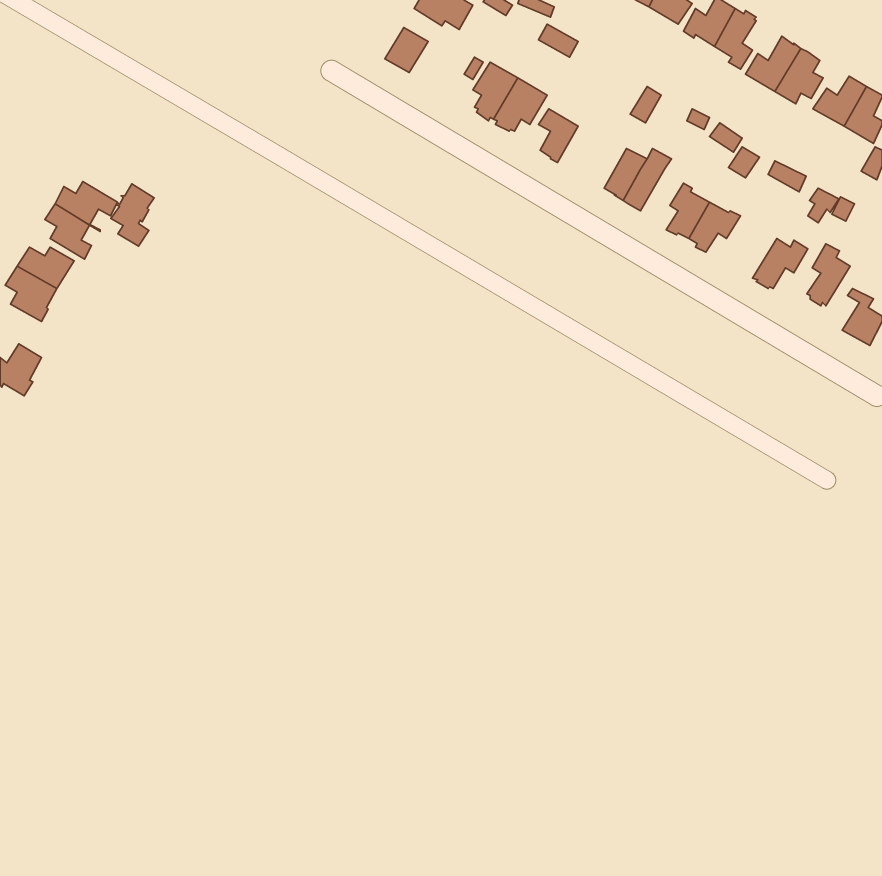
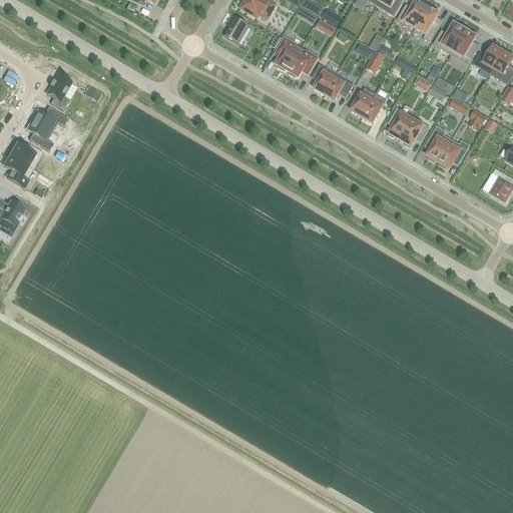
building: none -> [324,73,353,99]
building: [111,184,154,246] -> [46,73,71,109]
building: [807,244,850,306] -> [426,125,451,161]

